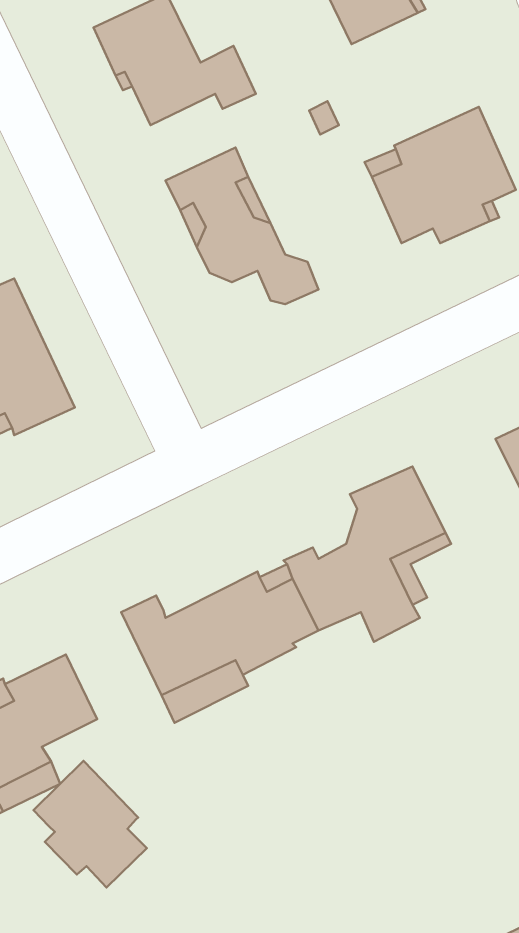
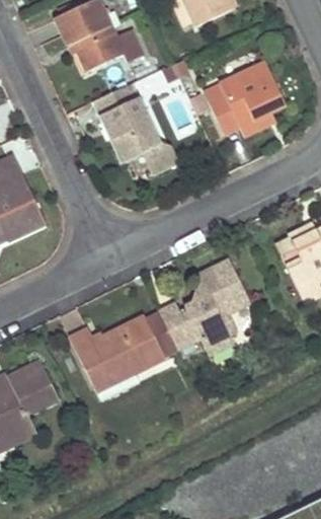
building: [33,761,147,887] -> none

